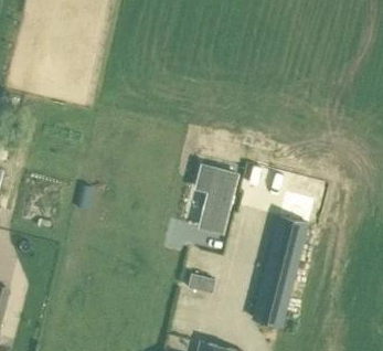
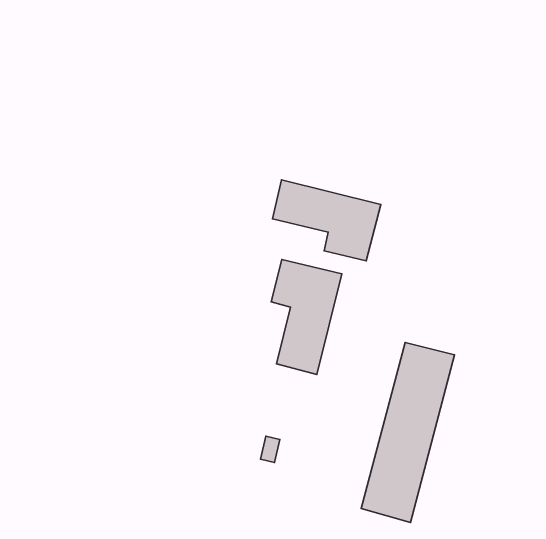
building: none -> [272,180,381,261]

